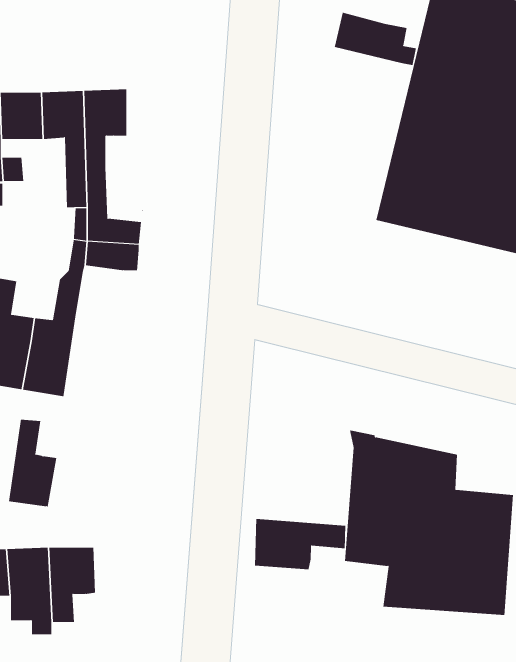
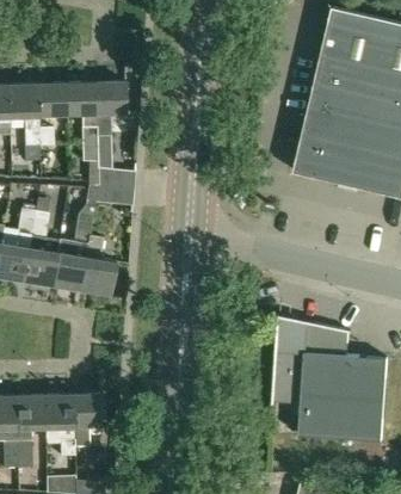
building: [334,12,416,66] -> none
building: [8,419,57,508] -> [81,235,115,296]
building: [255,518,346,570] -> none

